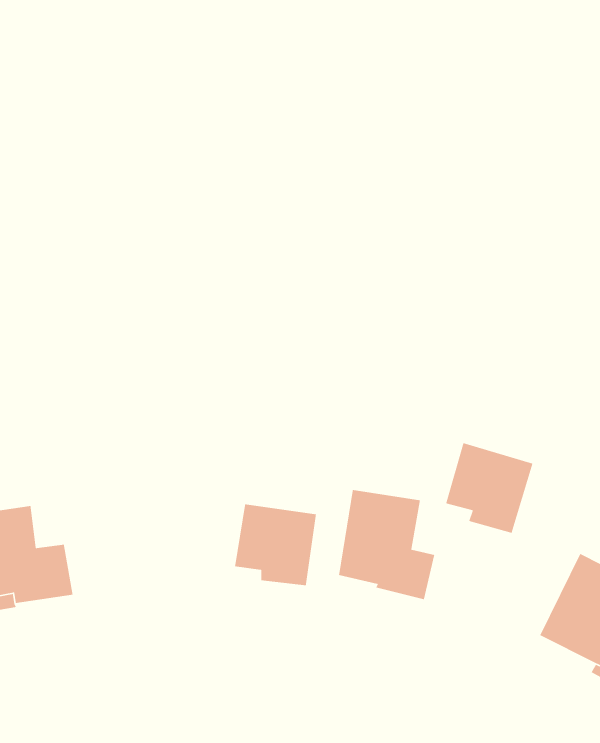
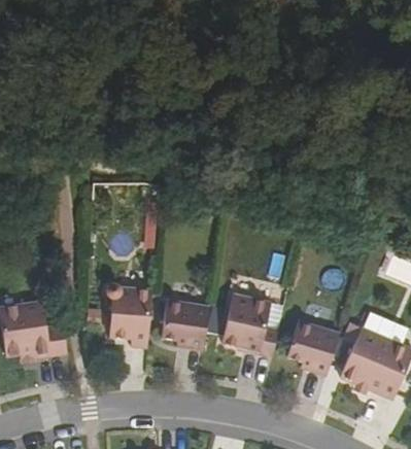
building: [445,442,533,534] -> [286,320,338,374]
building: none -> [106,284,151,347]

